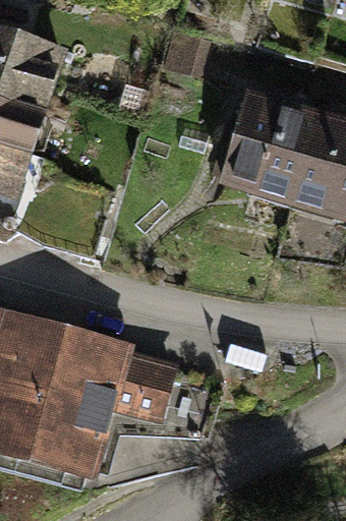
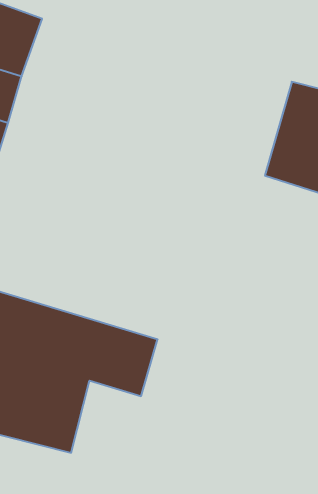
building: [213,89,313,202] -> none

